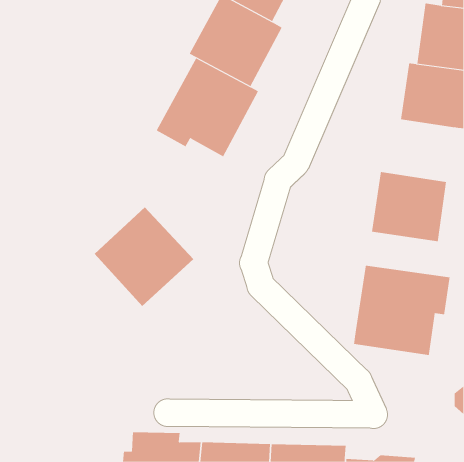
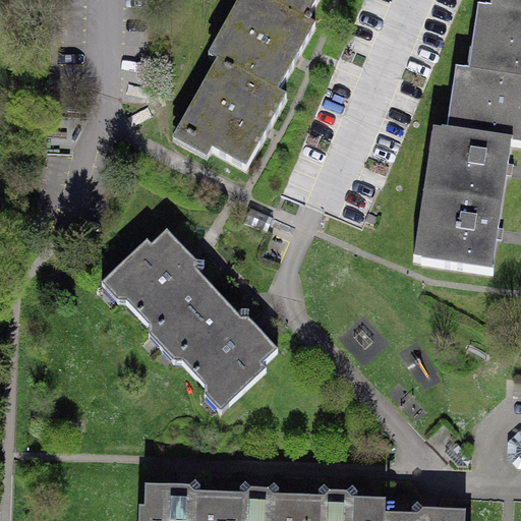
building: none -> [424,131,508,202]
building: none -> [159,289,275,404]
building: [353,265,450,356] -> none

